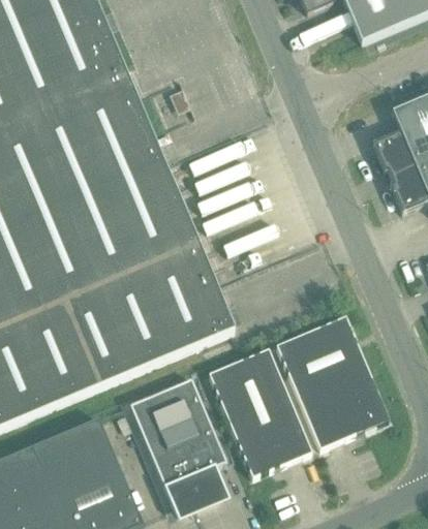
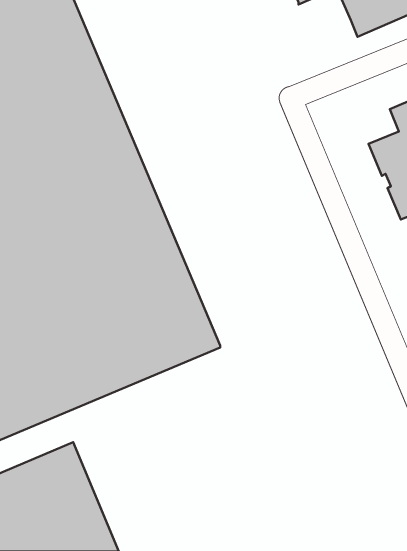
building: [275,315,389,447] -> none
building: [208,347,311,476] -> none
building: [129,378,225,514] -> none

